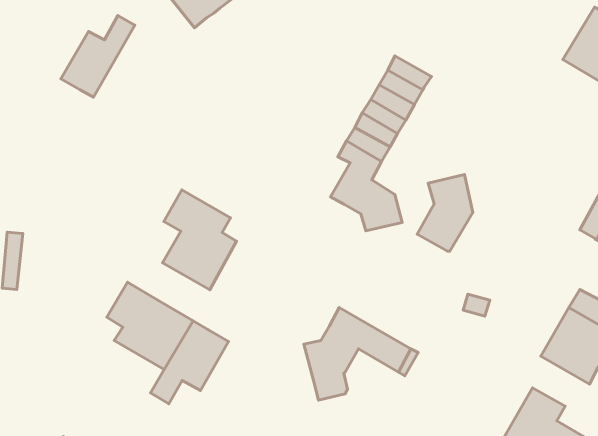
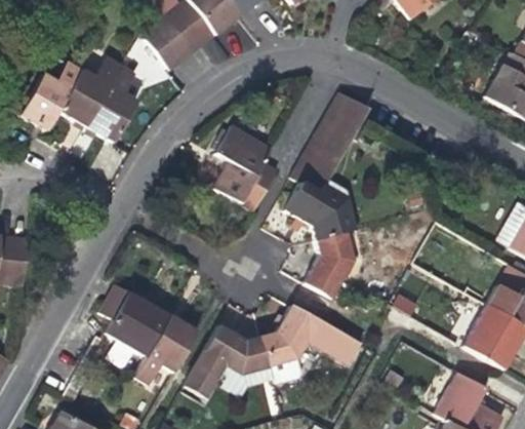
building: none -> [22,63,82,129]
building: none -> [86,66,137,143]
building: [417,175,473,251] -> [307,232,354,297]
building: [162,190,237,290] -> [216,125,279,209]
building: none -> [186,324,272,399]

